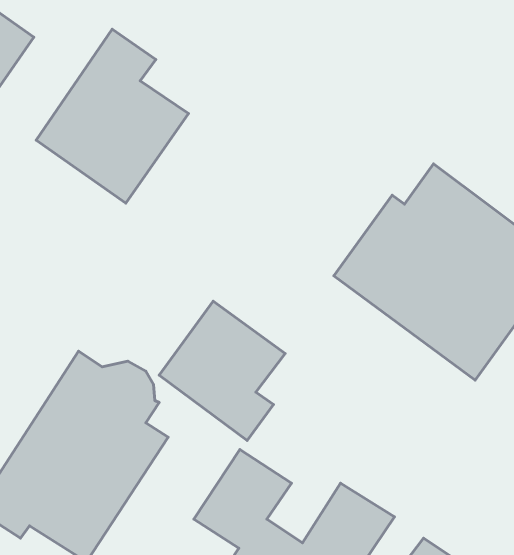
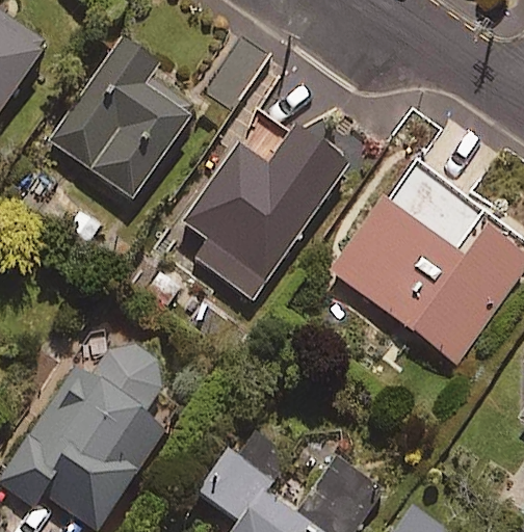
building: none -> [184,130,353,302]
building: [159,301,285,440] -> none

